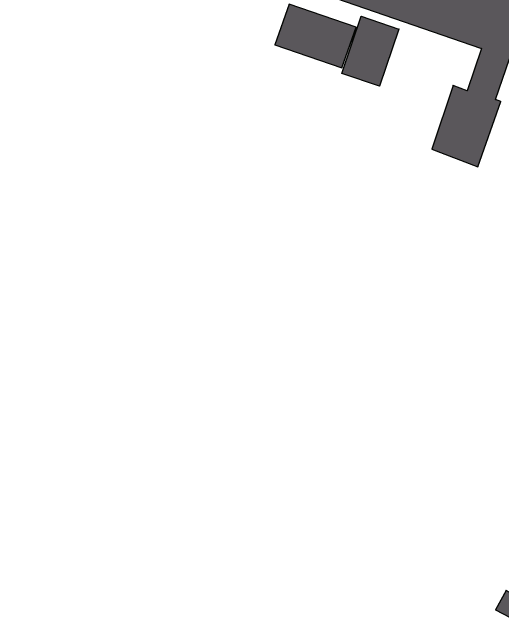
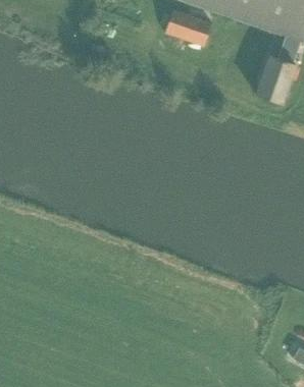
building: [342,16,399,86] -> none

